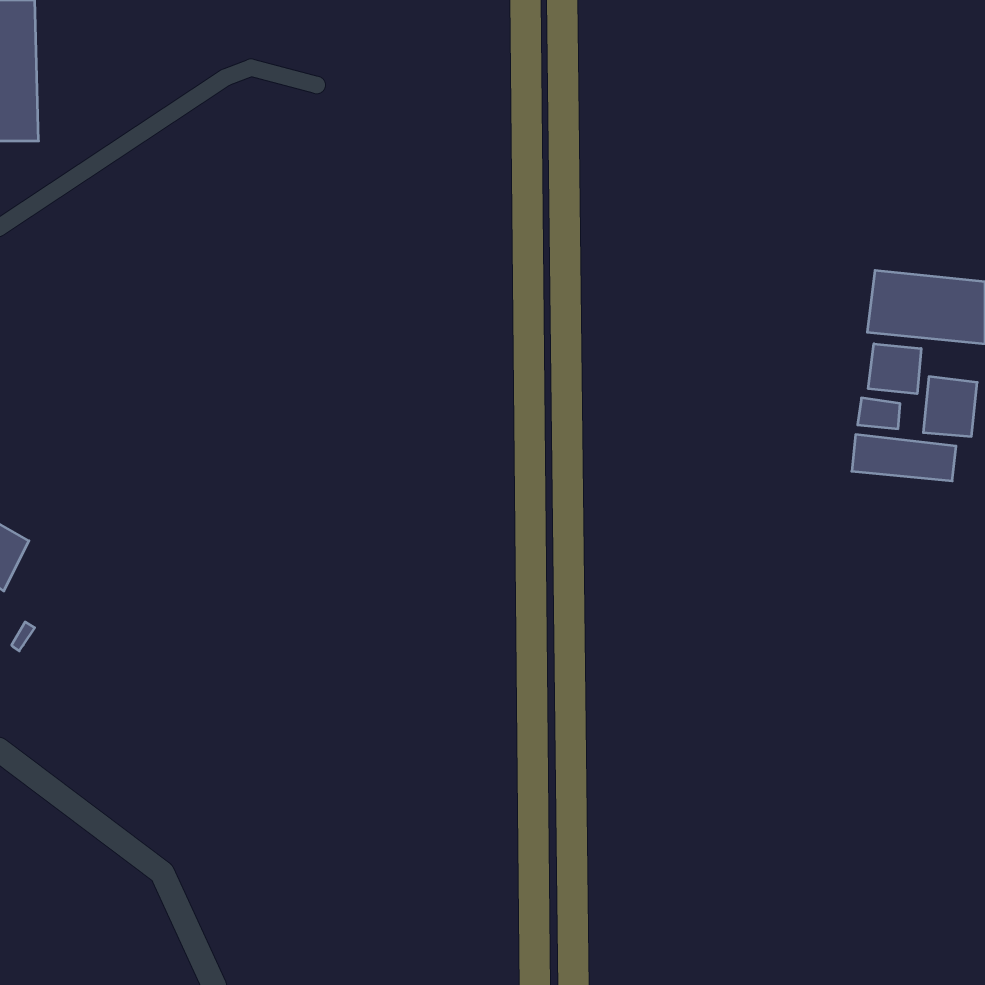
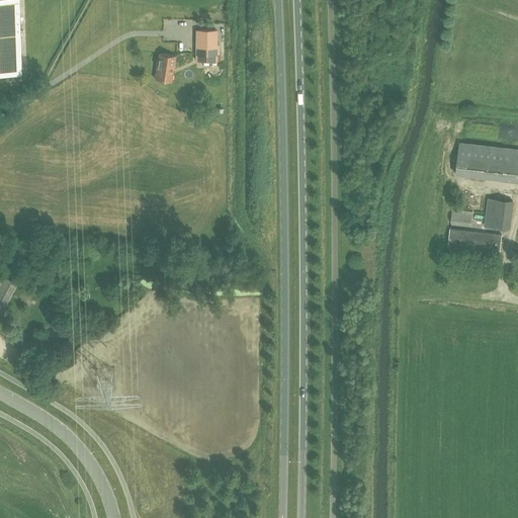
building: none -> [195,31,215,62]
building: none -> [154,54,174,82]
building: [868,344,921,394] -> none

